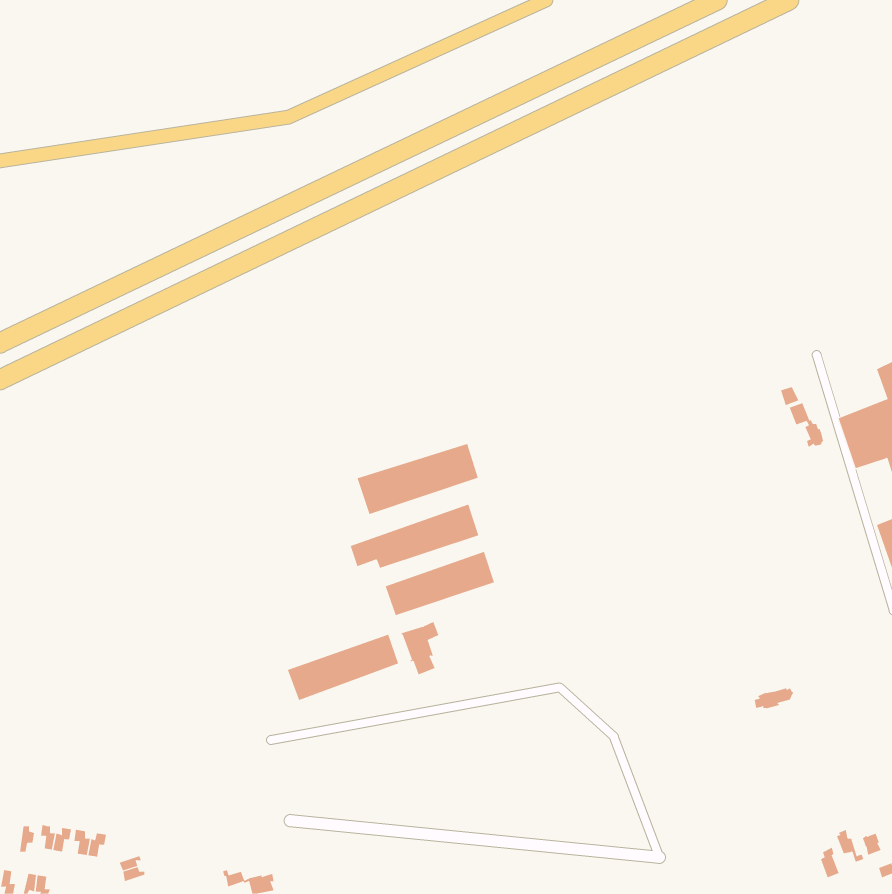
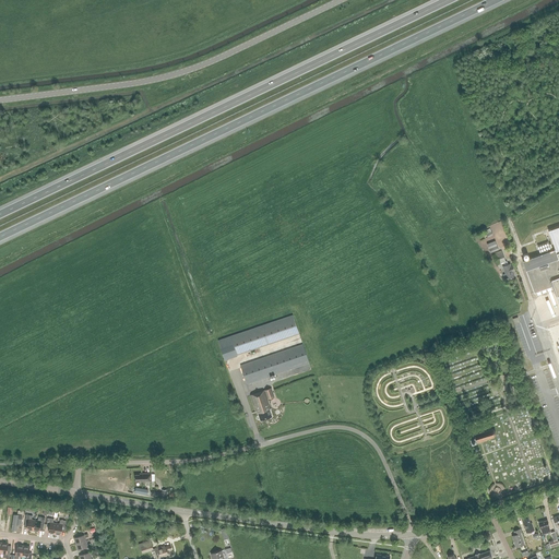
building: [357,443,478,515] -> none
building: [287,634,399,701] -> none

